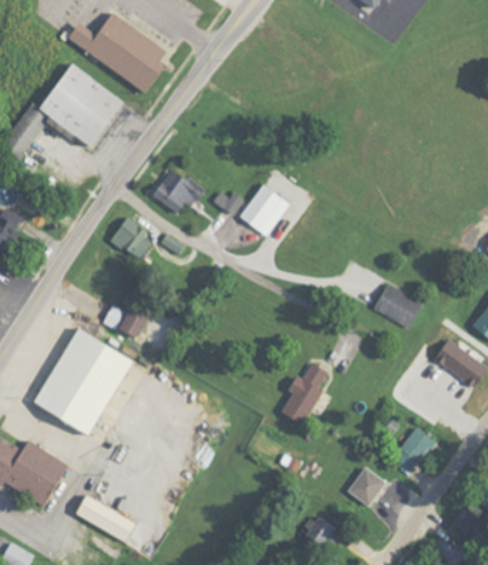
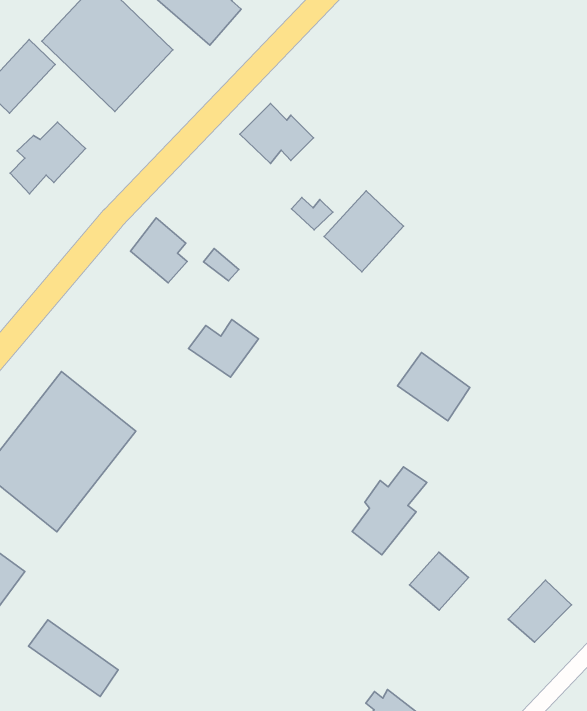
building: none -> [10,122,85,194]
building: [152,171,202,211] -> [240,104,314,163]
building: [373,284,422,328] -> [398,353,470,421]
building: [104,300,150,339] -> [189,319,259,377]
building: [347,467,385,506] -> [410,552,468,610]

